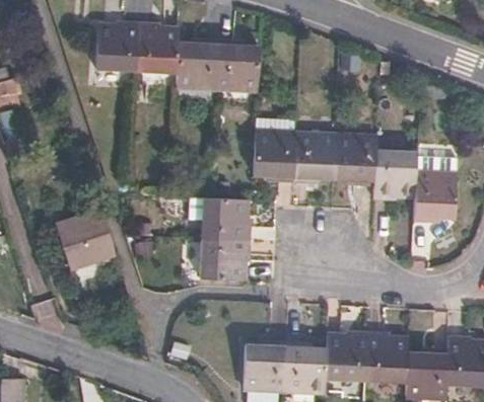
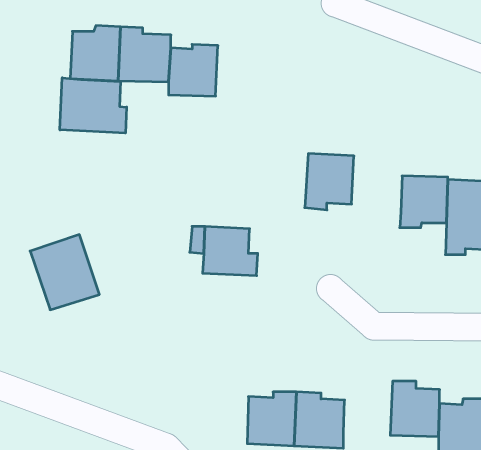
building: [216,42,258,87] -> none
building: none -> [60,78,127,133]
building: [251,119,296,181] -> none
building: [334,137,377,185] -> none
building: [203,238,252,280] -> none
building: [327,330,369,378] -> none

